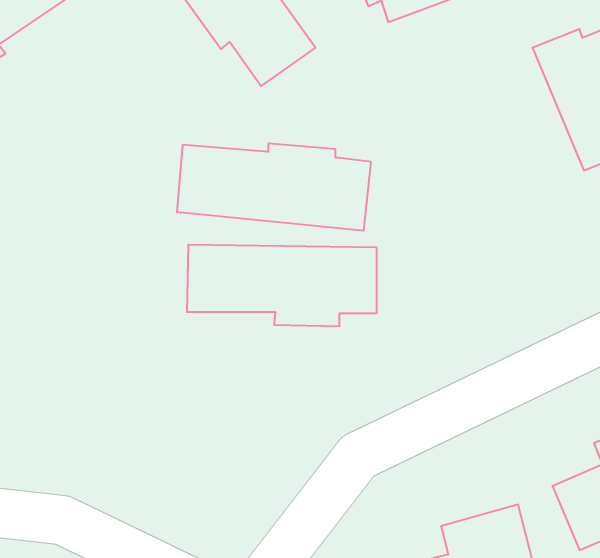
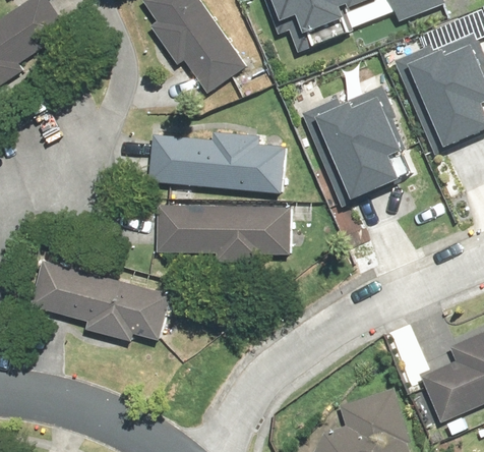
building: none -> [309,93,414,206]
building: none -> [25,258,169,339]

